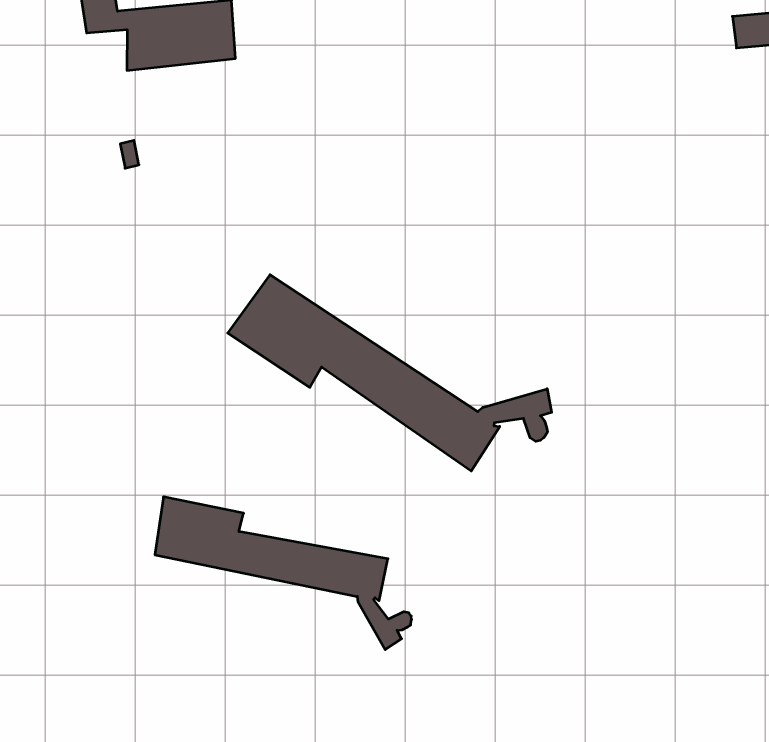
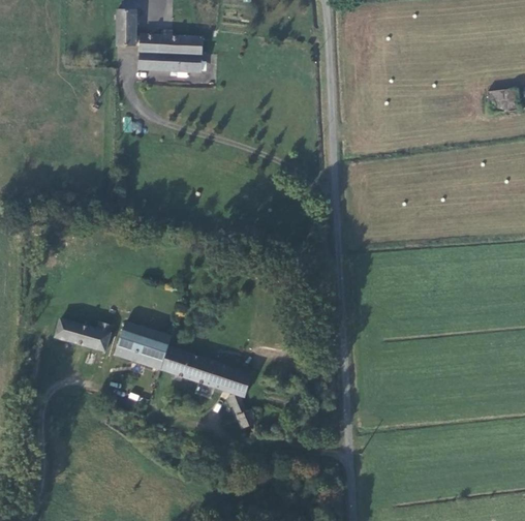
building: [228,275,552,471] -> none
building: none -> [56,319,114,351]

